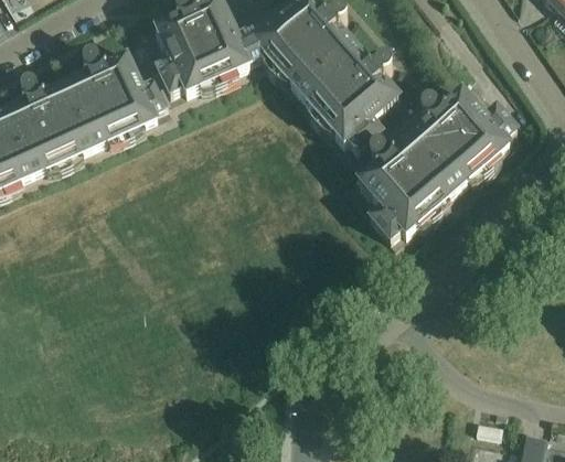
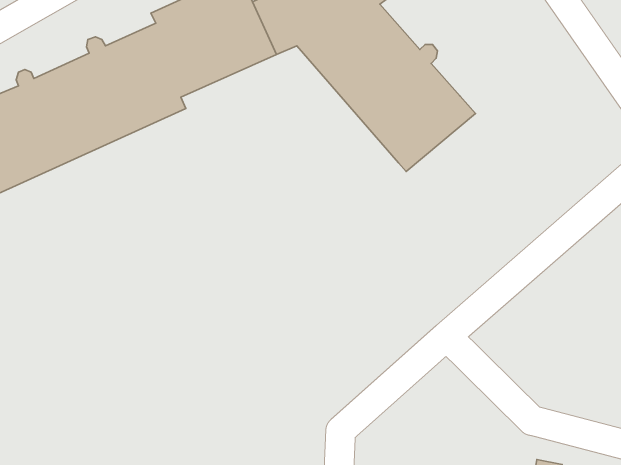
building: [342,80,520,249] -> none

